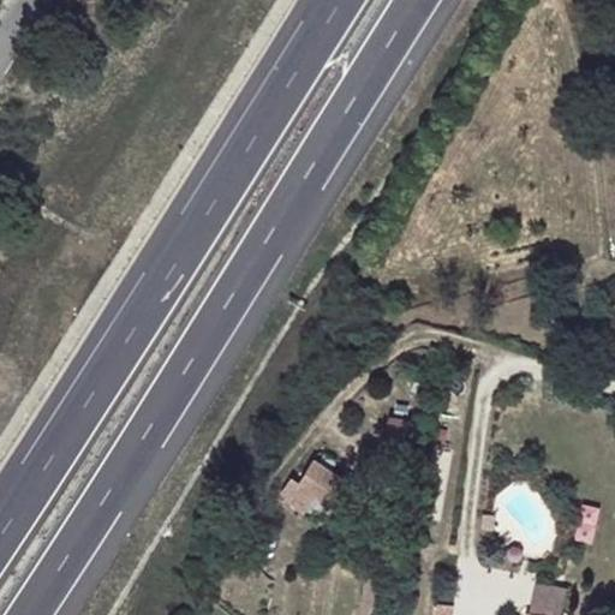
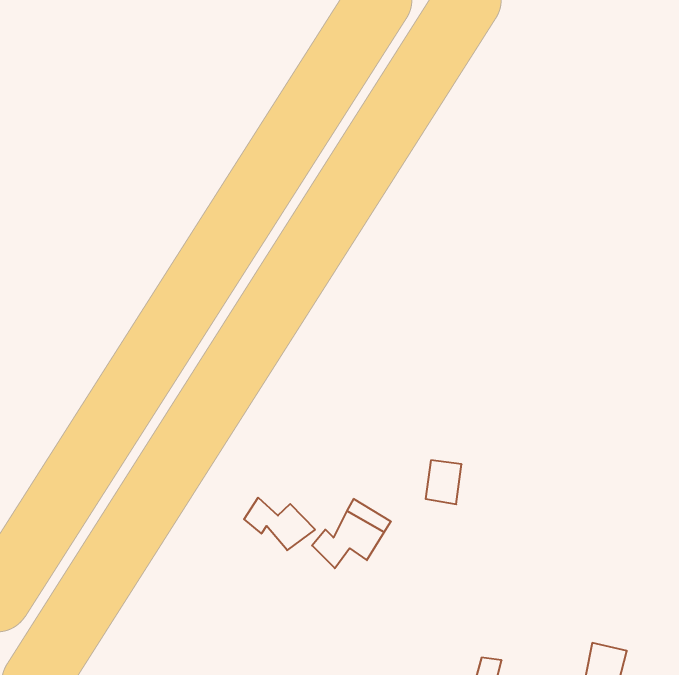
building: none -> [244,498,315,550]

